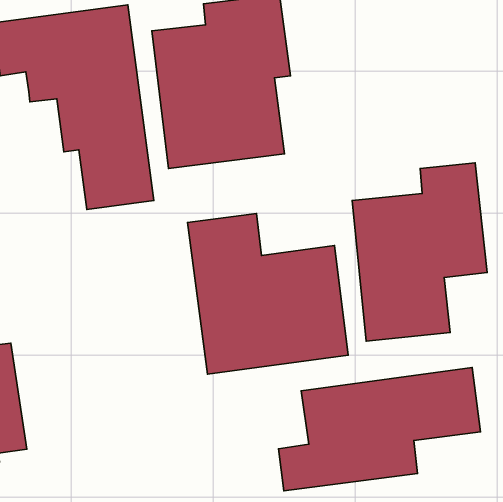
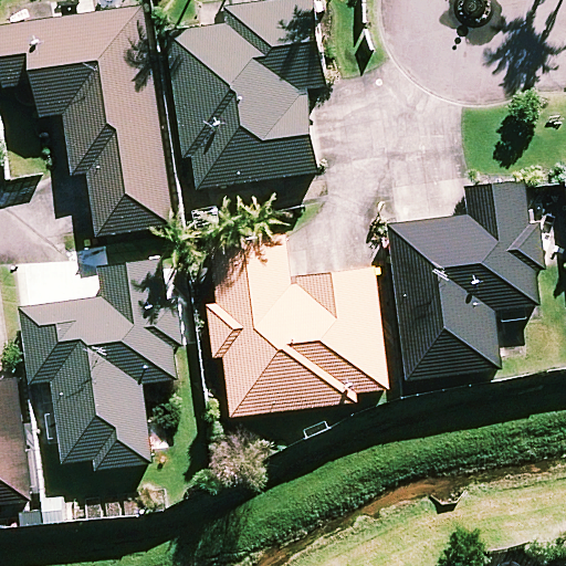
building: none -> [19,259,178,467]
building: [278,368,481,491] -> none

